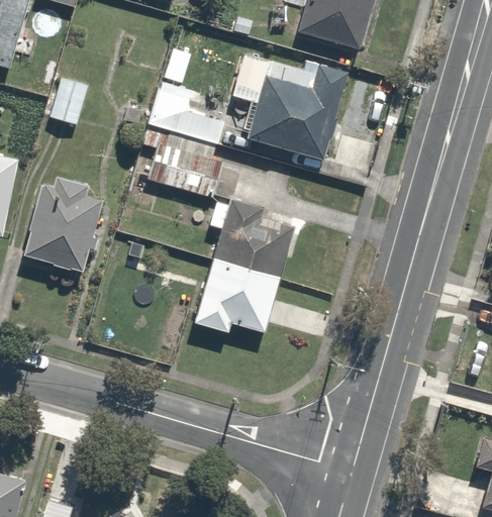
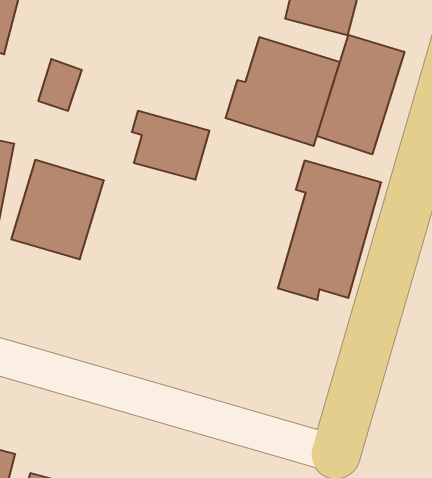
building: none -> [317,35,404,154]
building: [149,85,228,146] -> none
building: [191,194,296,335] -> [278,161,381,300]

